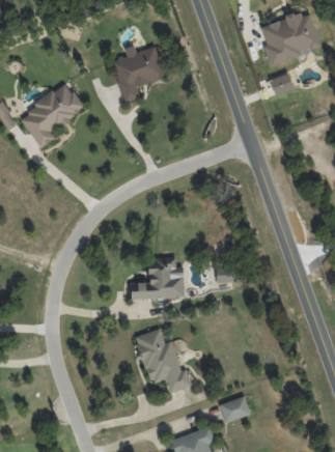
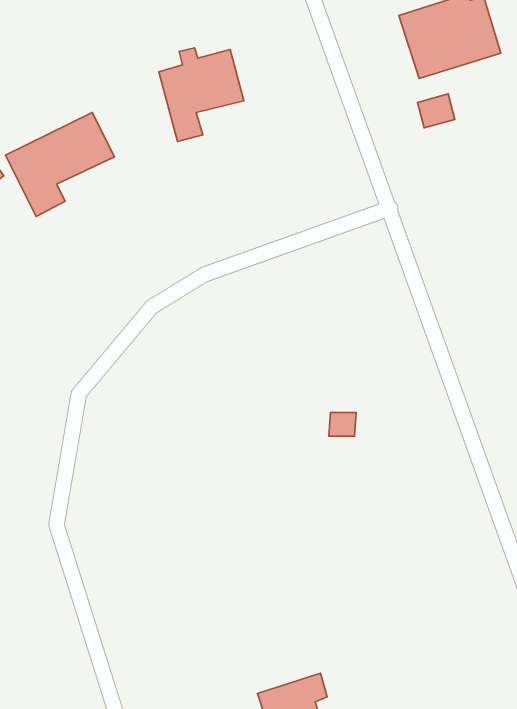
building: [131,258,184,300] -> none
building: [136,330,191,392] -> none
building: [219,396,251,422] -> none

